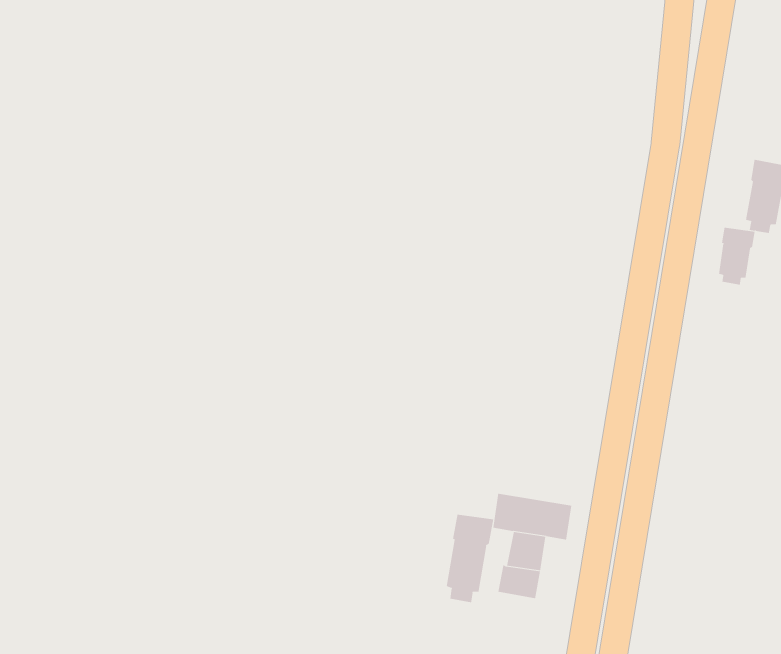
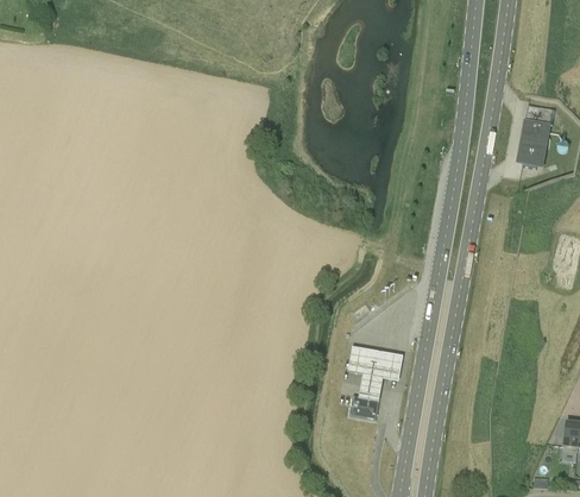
building: [718,227,755,285] -> none
building: [446,514,494,603] -> none

